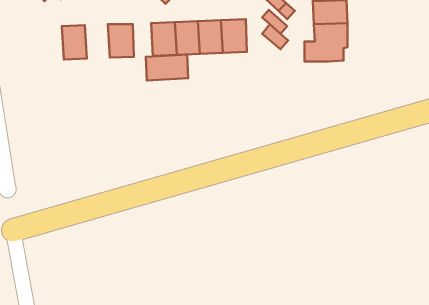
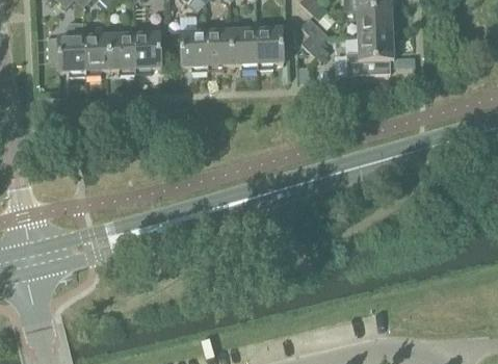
building: none -> [58,23,85,73]
building: none -> [108,33,135,71]
building: [146,54,188,81] -> none

